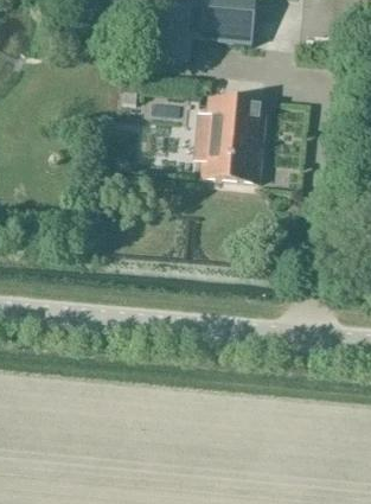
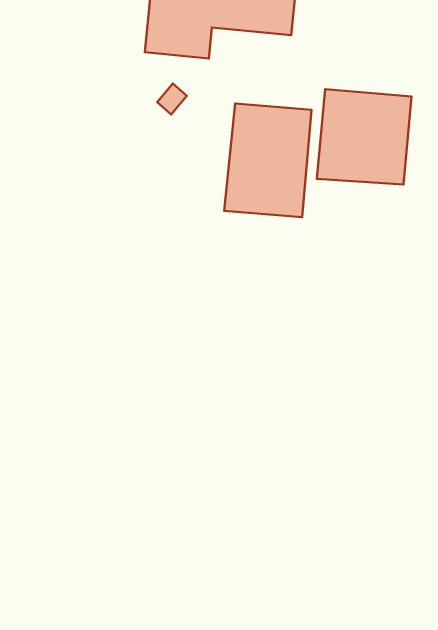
building: none -> [317,89,412,185]

